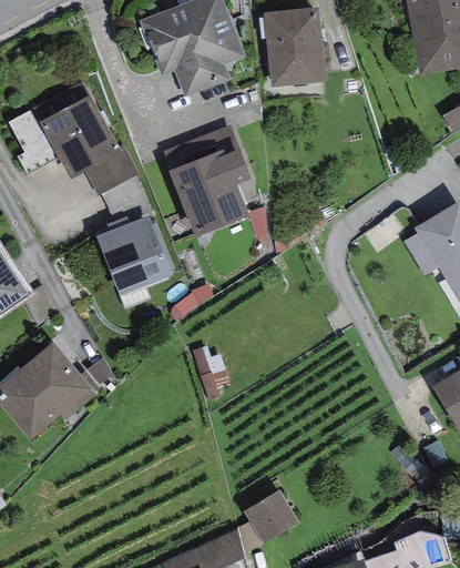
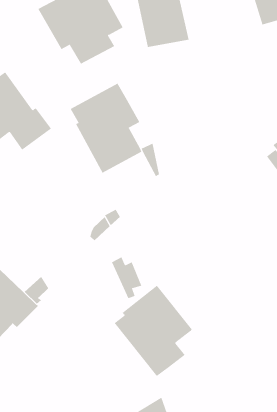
building: [95,215,174,295] -> none
building: none -> [114,285,192,377]
building: [244,489,298,544] -> none

